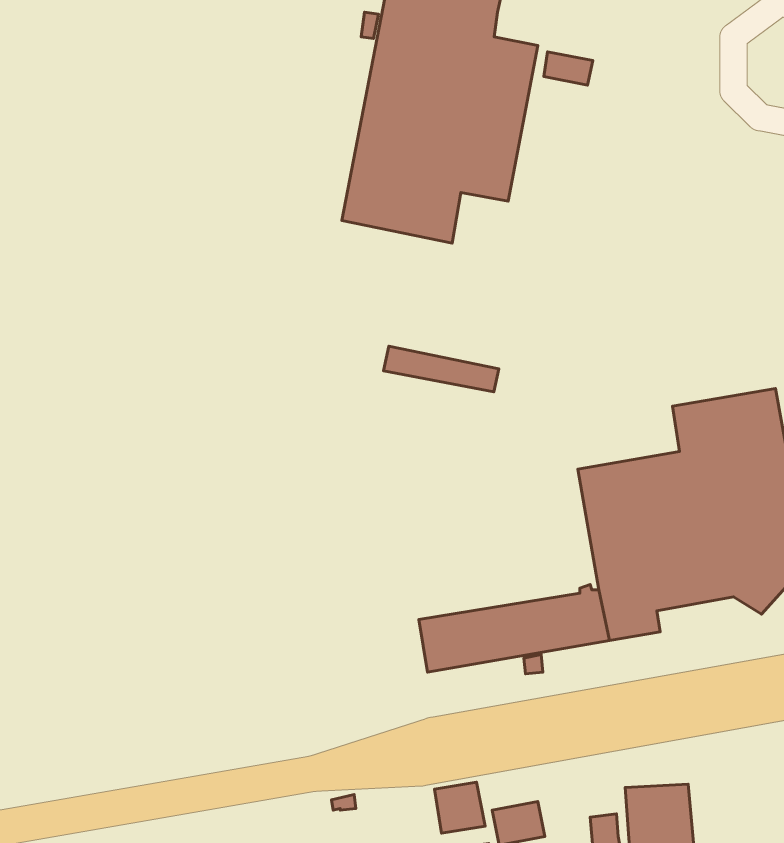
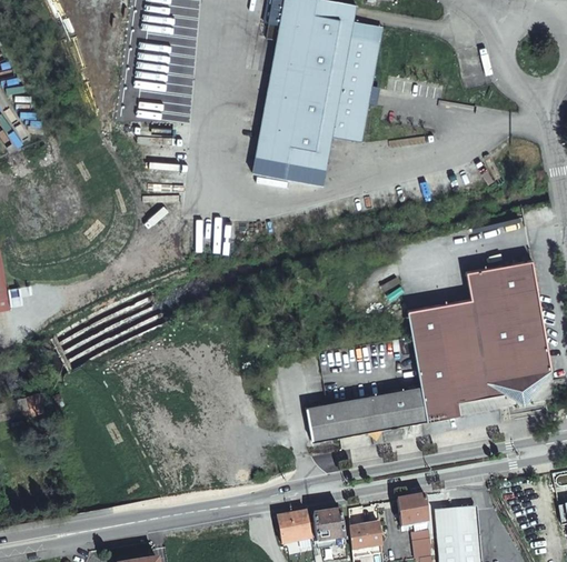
building: [544,52,593,85] -> [352,21,384,42]
building: [384,346,499,392] -> [252,153,326,182]
building: none -> [398,494,430,528]
building: none -> [279,511,312,543]

